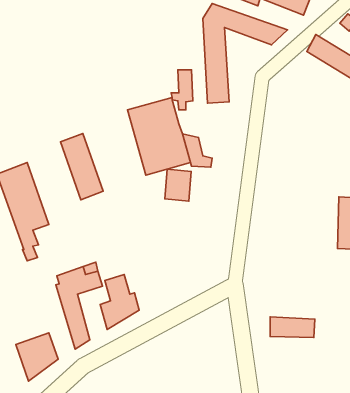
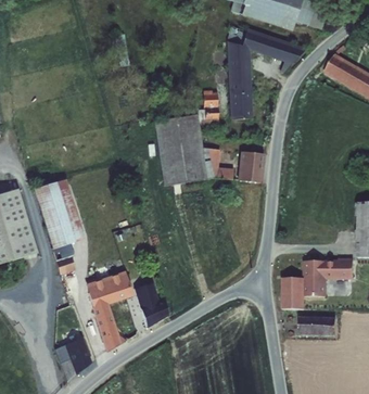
building: [61,133,103,200] -> none
building: [165,169,191,201] -> [239,158,264,189]
building: none -> [281,262,352,310]

